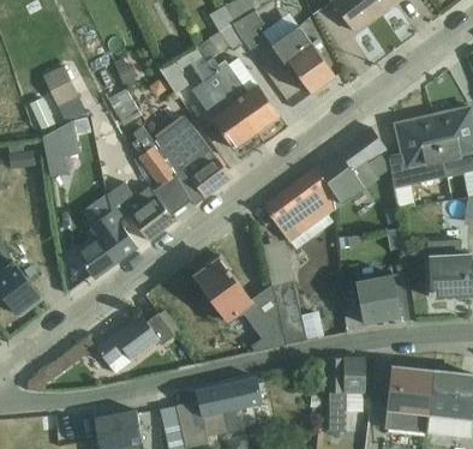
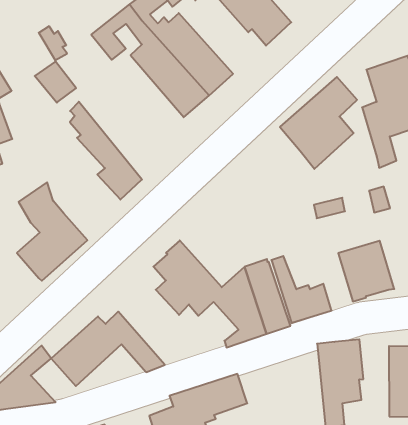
building: [155,115,232,198] -> none
building: [263,166,335,249] -> none
building: [108,182,175,241] -> none

